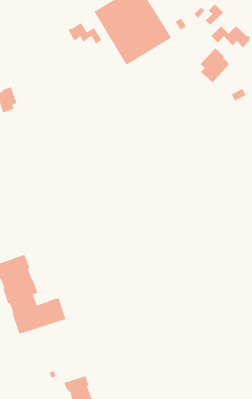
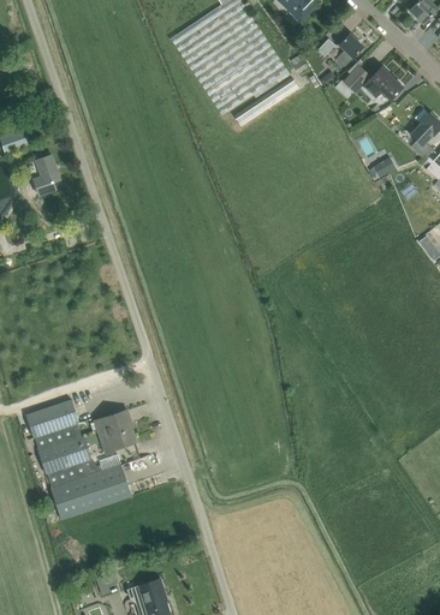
building: [68,22,103,45] -> none
building: [200,47,230,83] -> none
building: none -> [93,408,133,450]

